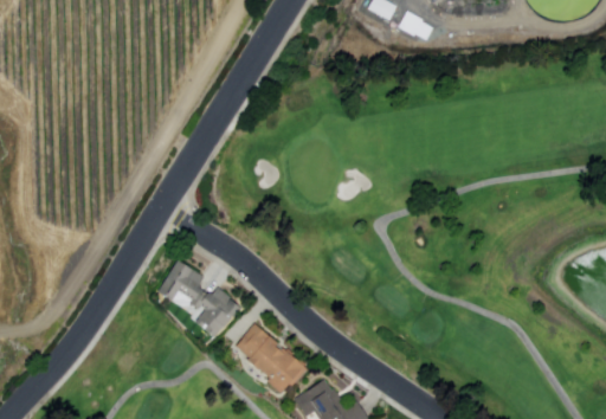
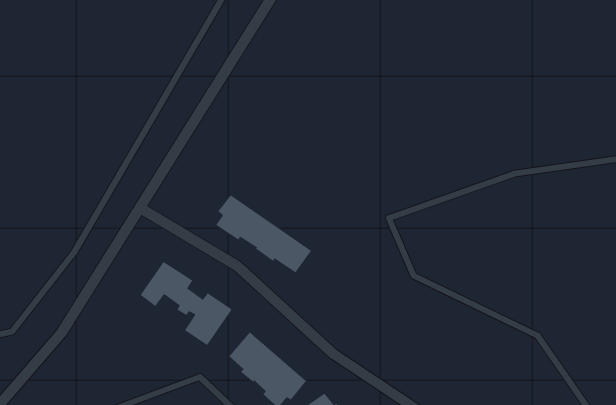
building: none -> [216,195,312,273]

